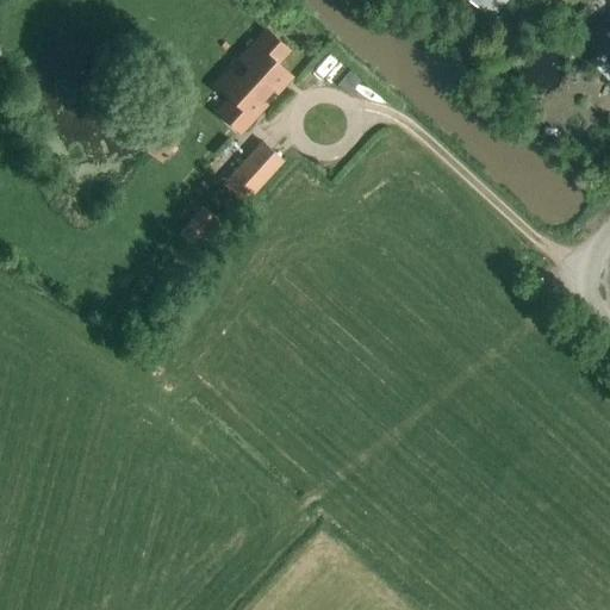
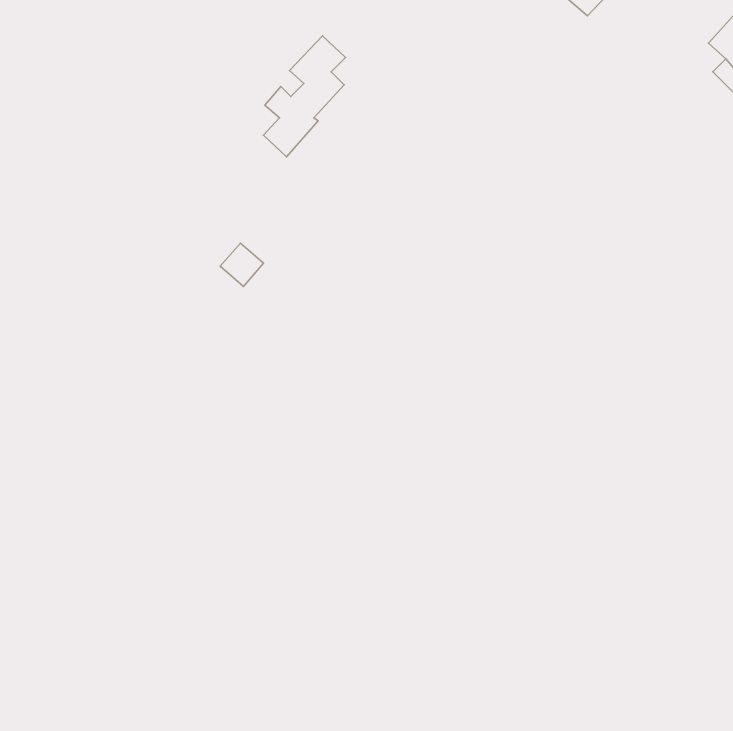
building: [223,142,282,204] -> none

